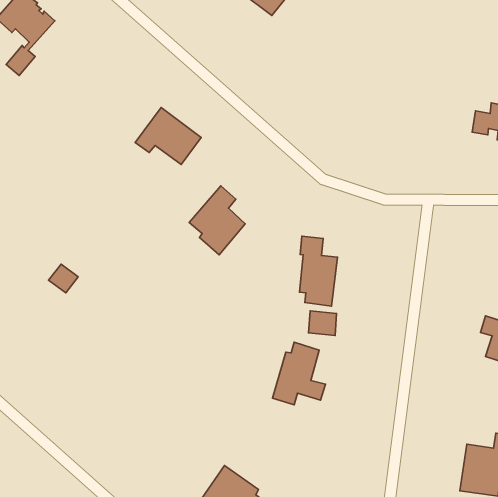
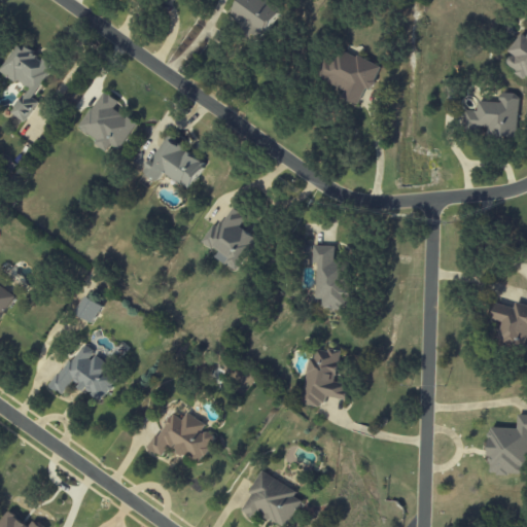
building: none -> [314,46,378,105]
building: none -> [78,86,140,150]
building: [309,311,337,335] -> none
building: none -> [51,342,118,400]
building: none -> [149,413,215,461]

